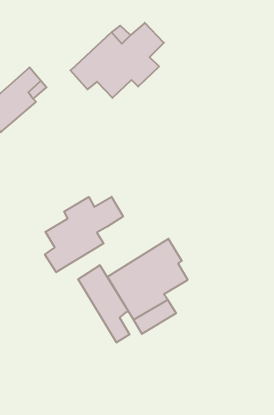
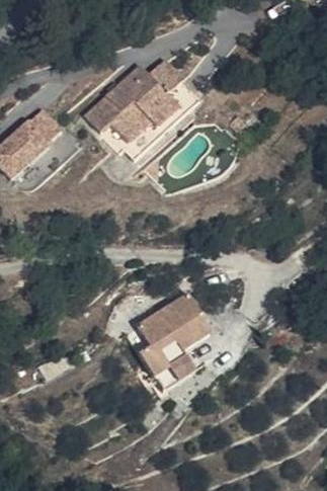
building: [45,197,123,272] -> none
building: [78,265,130,343] -> none

